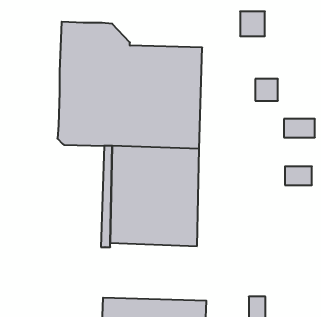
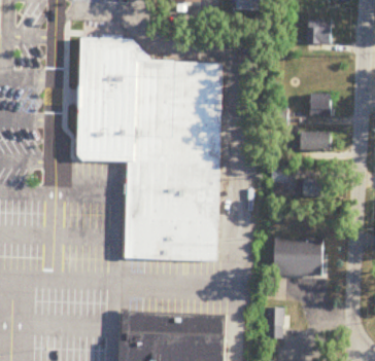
building: [240,11,265,36] -> [307,21,332,45]
building: [255,79,278,101] -> [310,95,333,116]
building: none -> [276,240,325,277]

